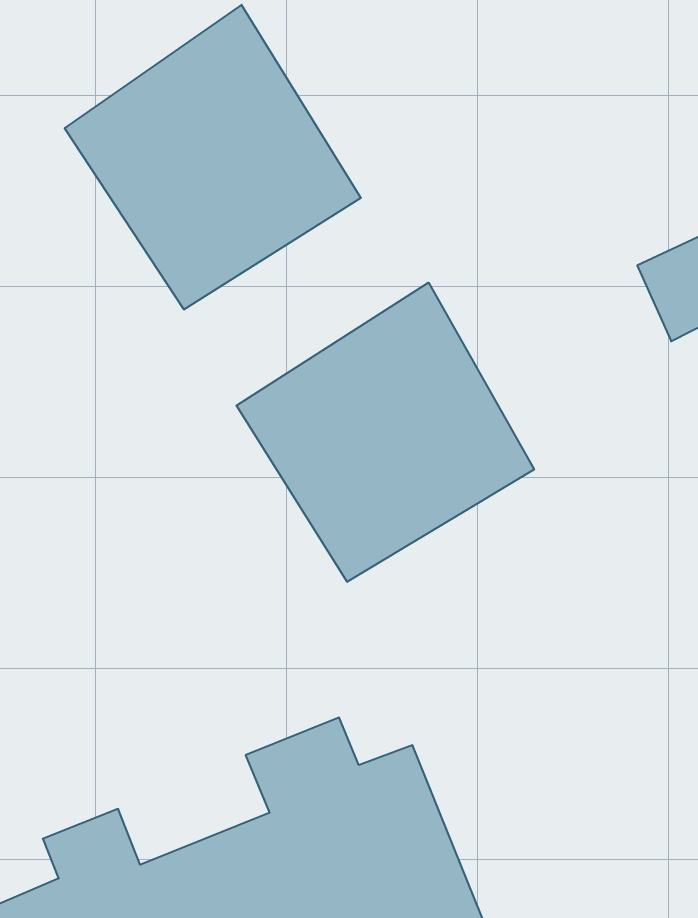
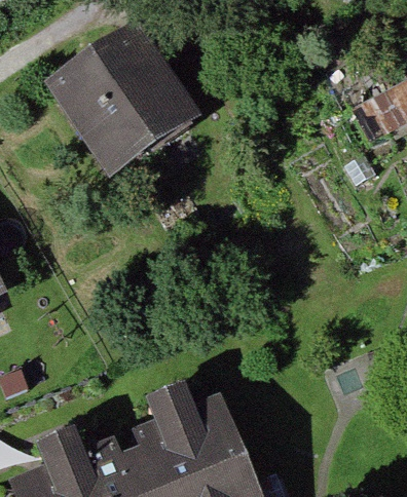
building: [236,283,534,582] -> none

